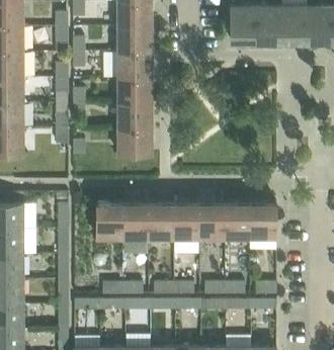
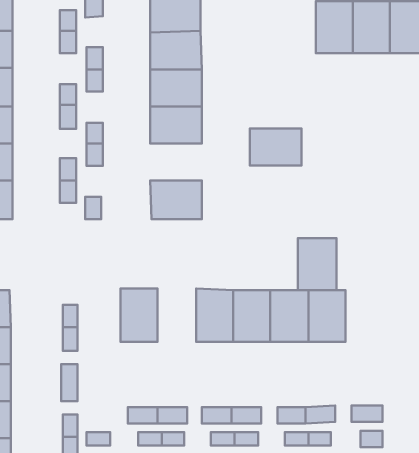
building: [117,103,153,128] -> [250,128,302,165]
building: [122,202,149,254] -> none
building: [251,203,277,239] -> [298,238,336,290]

